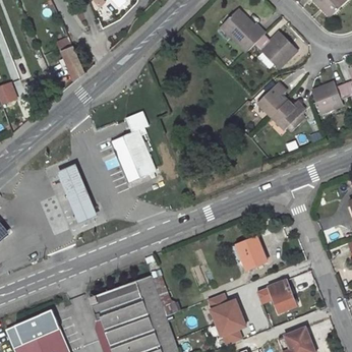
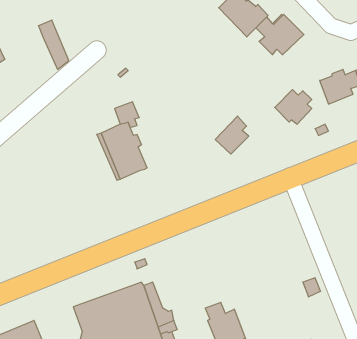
building: [257,81,288,116] -> [215,116,249,154]
building: [57,163,98,224] -> none
building: [236,237,267,269] -> none
building: [262,279,296,312] -> none

